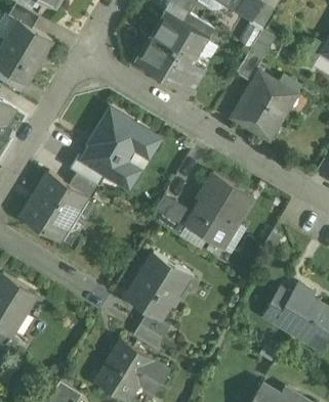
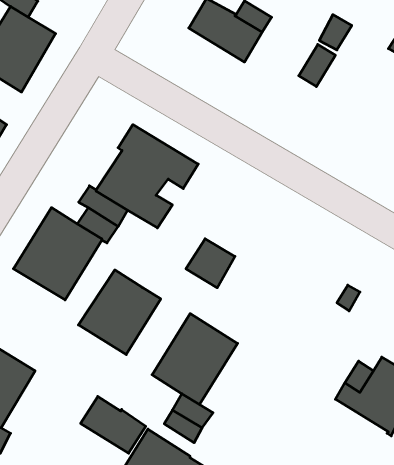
building: [139,37,194,86] -> none
building: [232,72,295,139] -> none
building: [186,173,253,247] -> none
building: none -> [78,270,161,355]
building: none -> [81,396,146,453]

